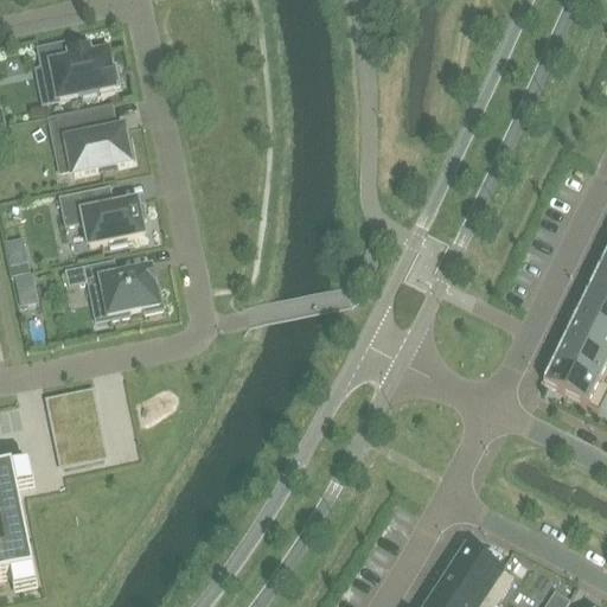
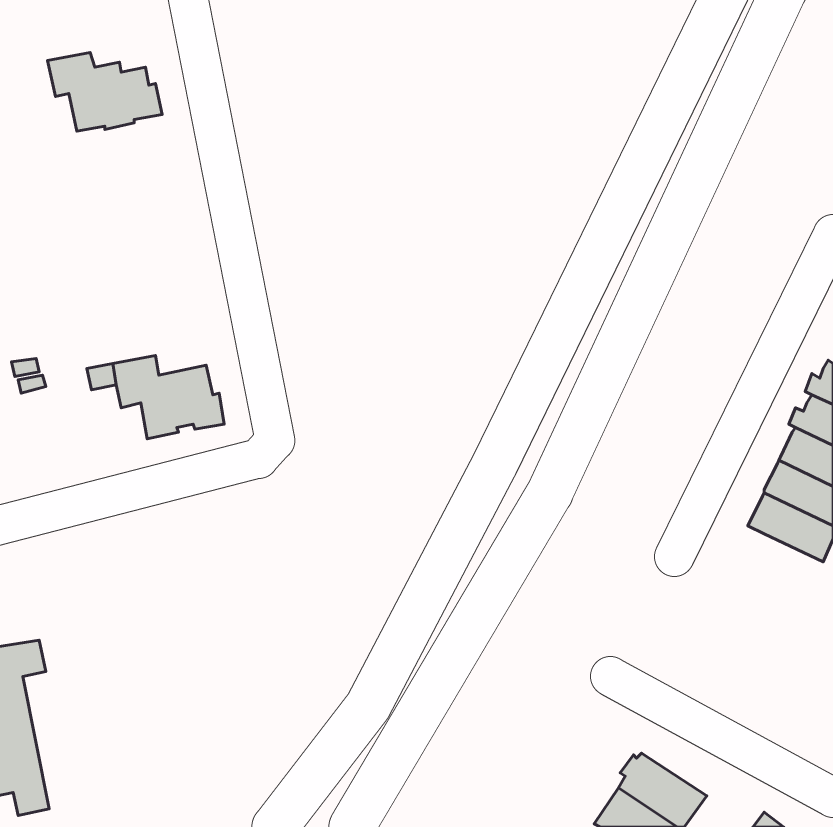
building: [50,102,133,170] -> none
building: [57,187,145,244] -> none

